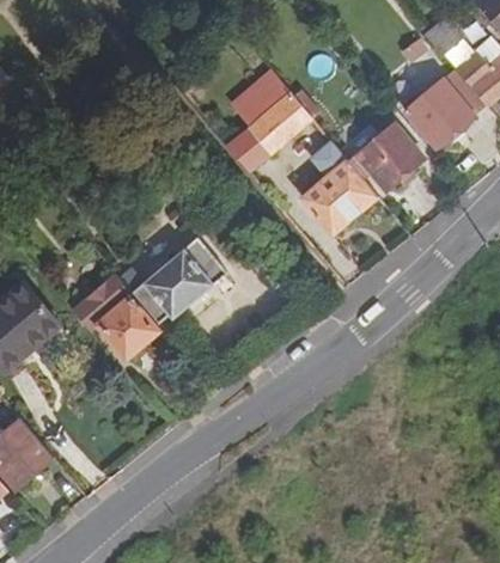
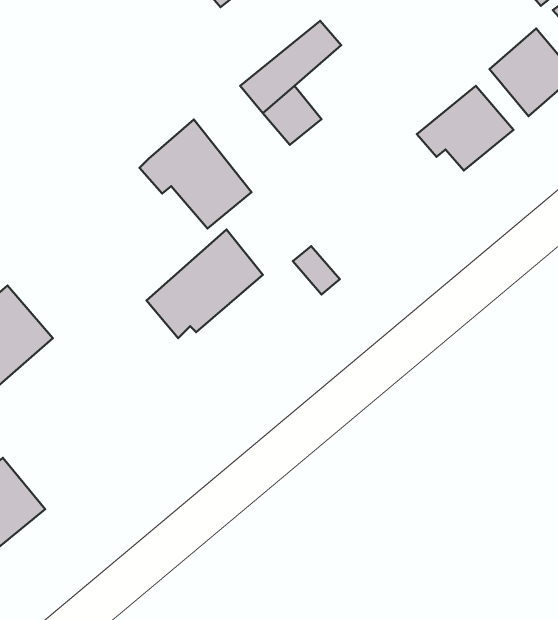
building: [251,91,311,149] -> none
building: [301,148,378,233] -> none
building: [72,271,160,357] -> [140,120,251,228]

